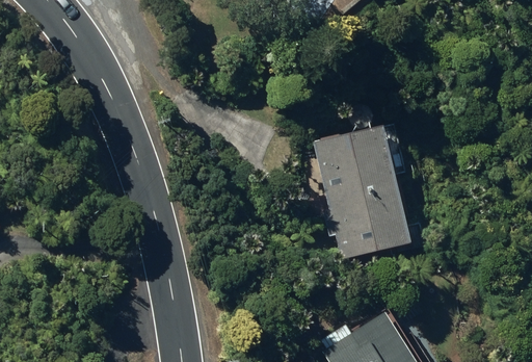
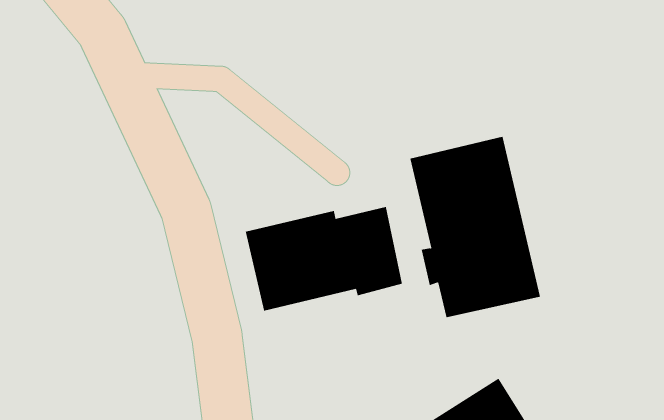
building: none -> [245,206,403,312]

